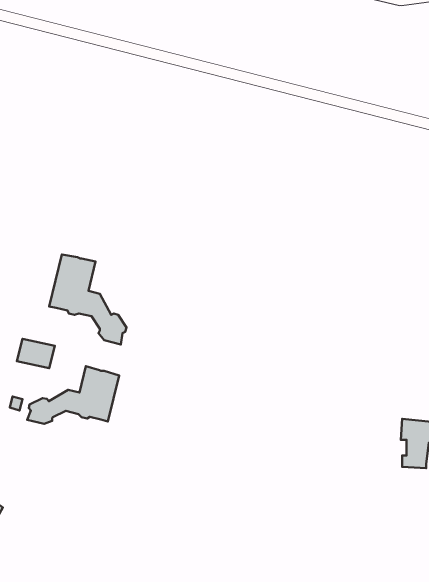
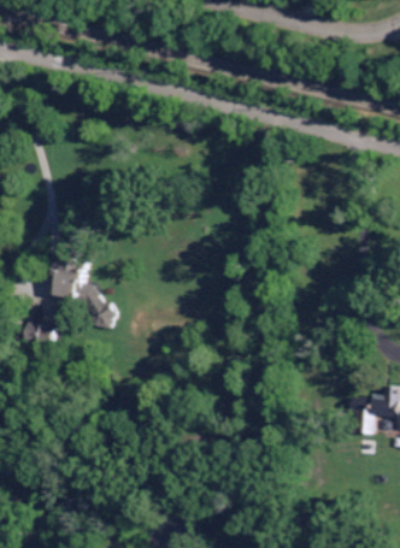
building: [27,366,119,424] -> none

